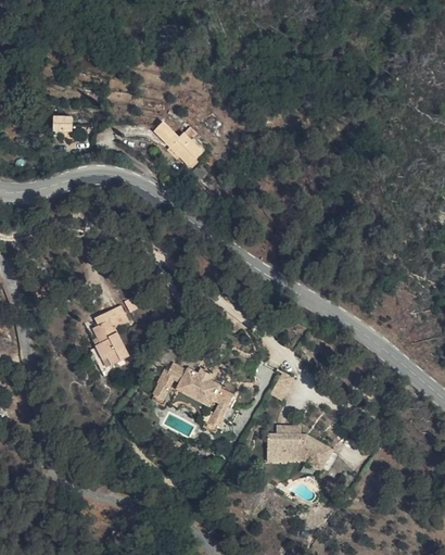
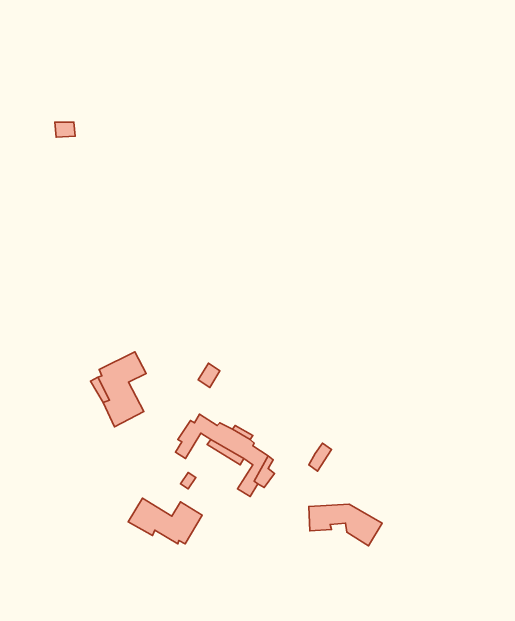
building: [152,116,202,161] -> none
building: none -> [128,498,202,544]

